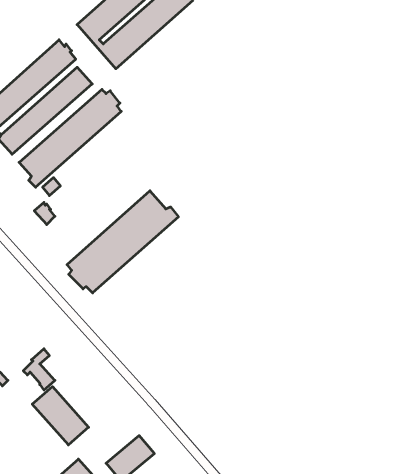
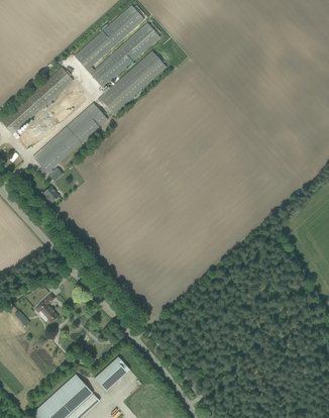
building: none -> [97,50,166,113]
building: [67,191,178,293] -> none
building: [32,387,89,445] -> none

